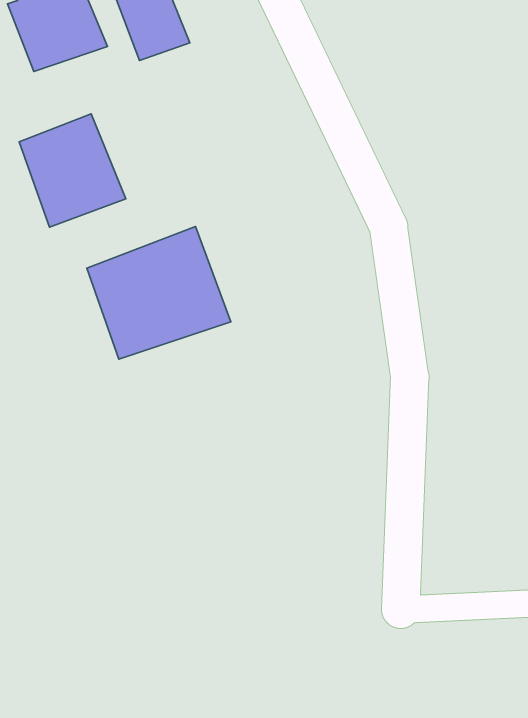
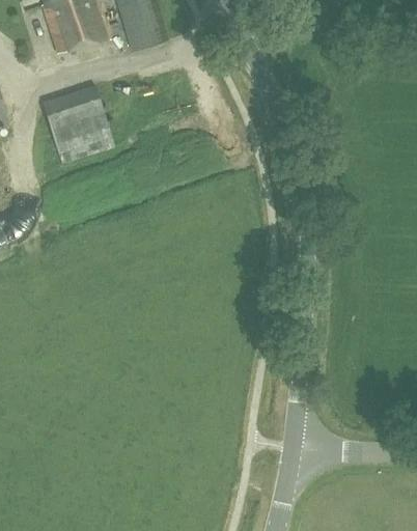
building: [87,226,231,359] -> none

